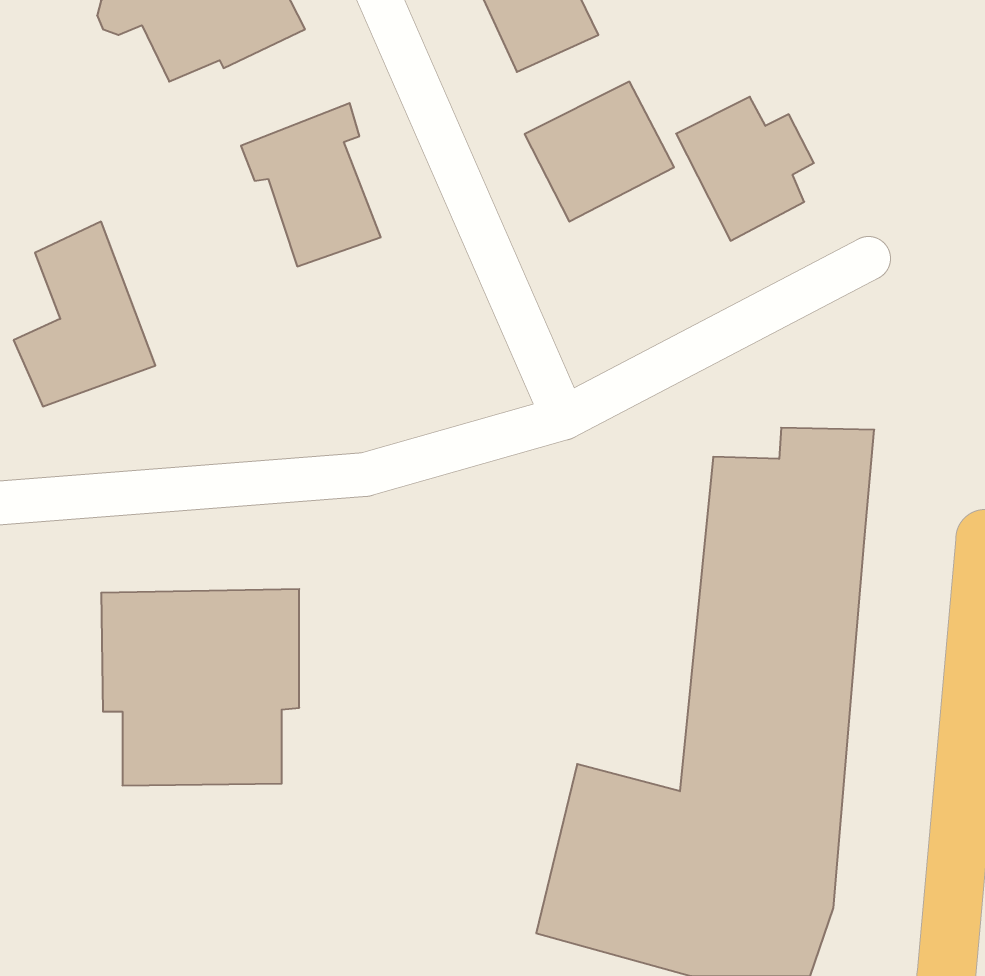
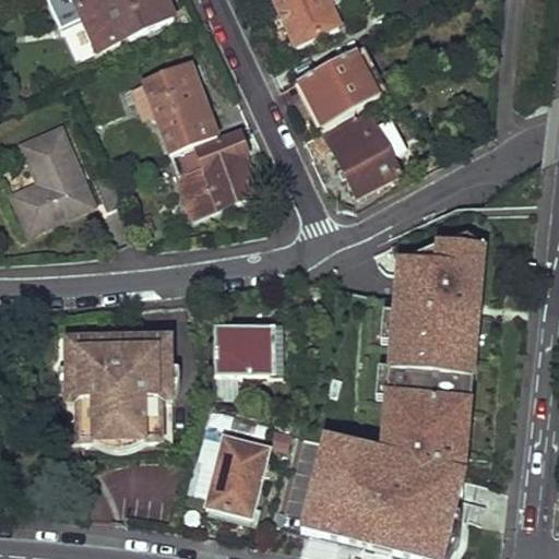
building: [676,97,814,241] -> [322,109,400,190]
building: none -> [176,129,251,214]
building: none -> [214,328,281,374]
building: none -> [204,435,267,516]

